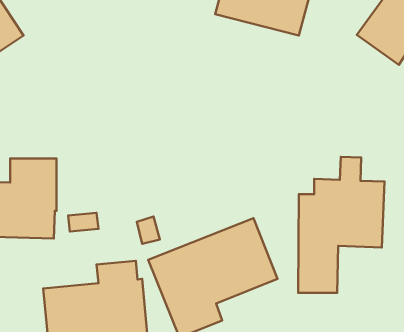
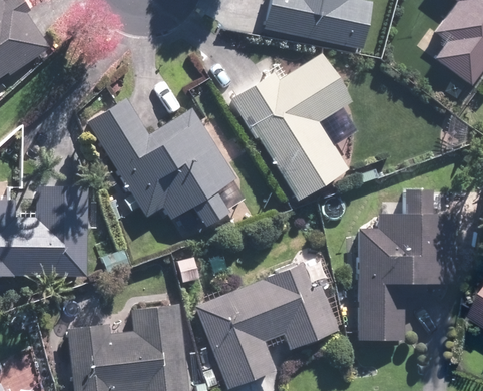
building: none -> [231,55,350,202]
building: none -> [86,96,236,223]

